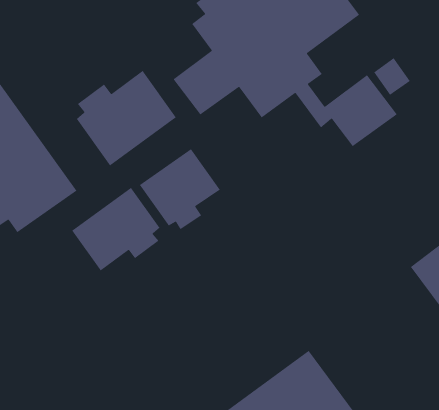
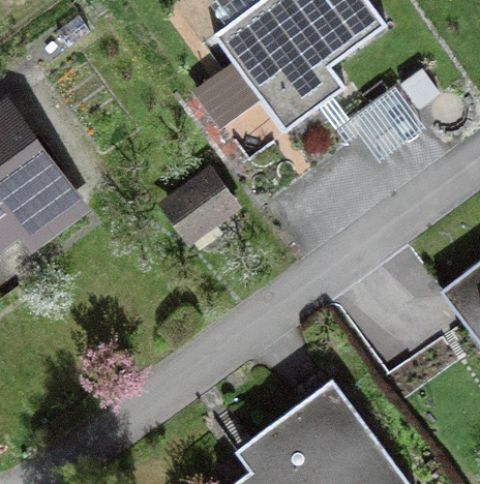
building: [76,70,177,166] -> none
building: [71,187,161,272] -> none

